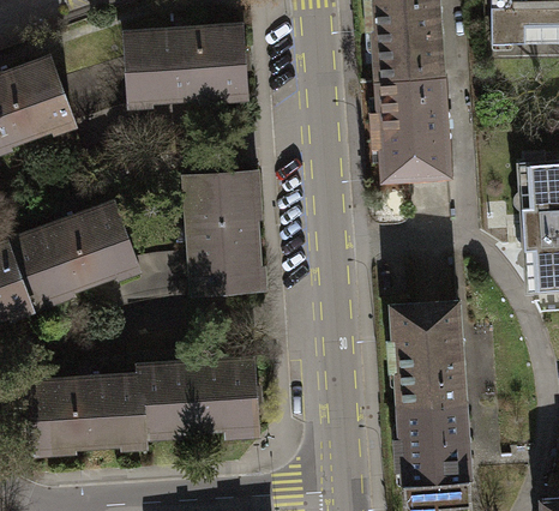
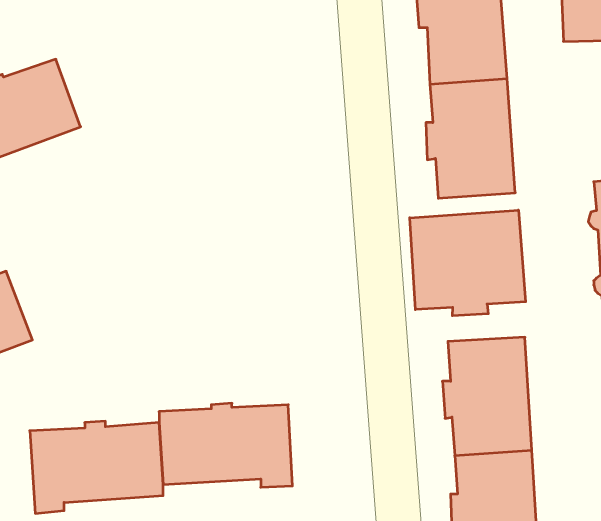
building: [127,28,246,101] -> none
building: [187,174,258,293] -> none
building: none -> [410,210,526,316]
building: [7,205,137,305] -> none

